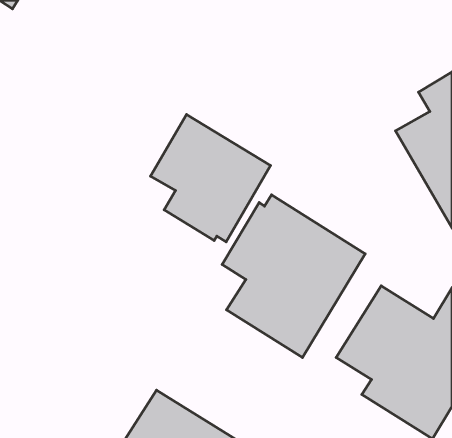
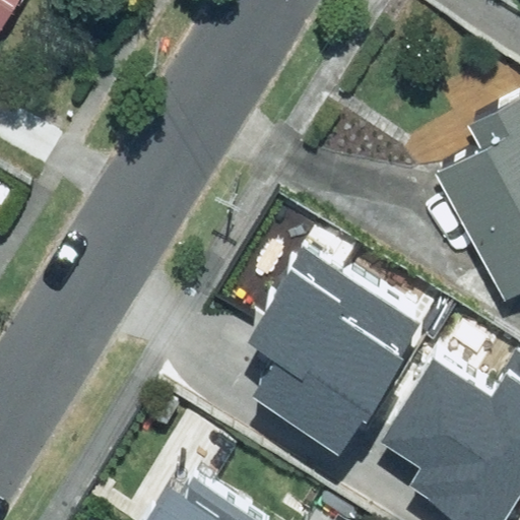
building: [150,115,270,242] -> none

